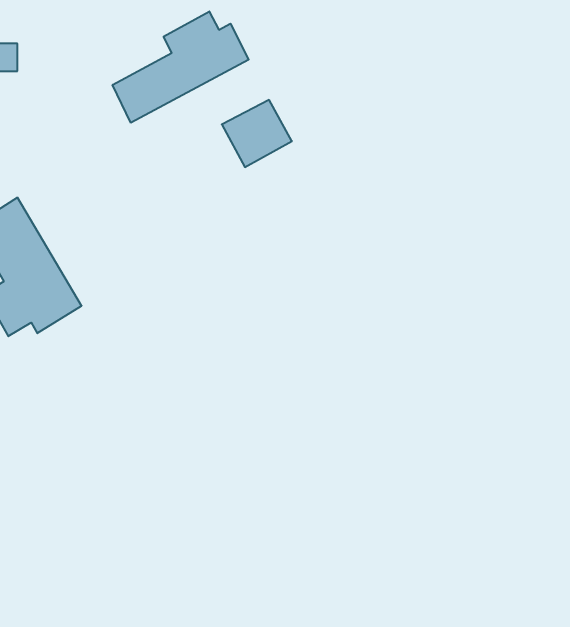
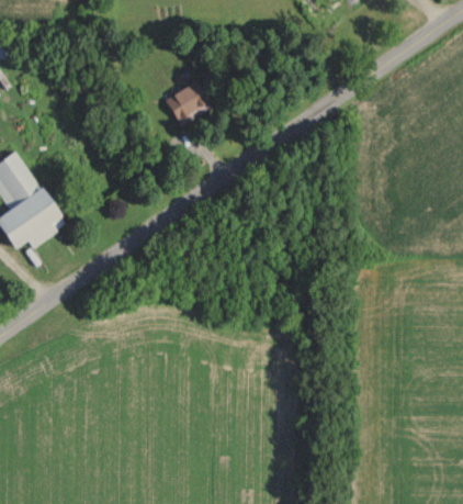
building: [113,11,249,123] -> none

